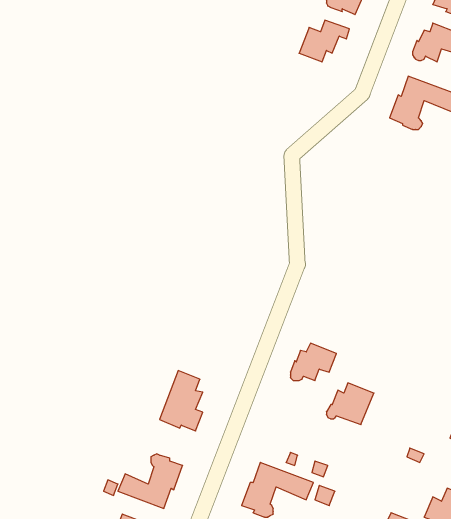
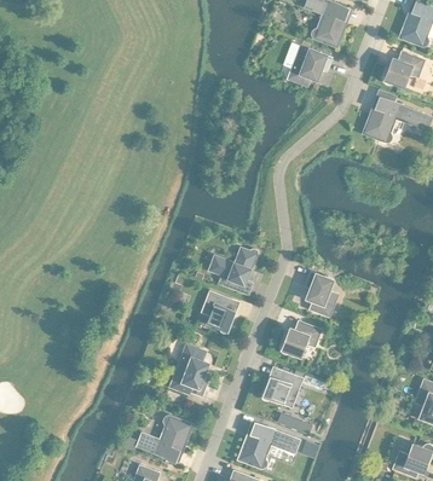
building: none -> [209,248,258,290]
building: none -> [307,272,336,315]
building: none -> [202,291,237,332]
building: [326,383,374,425] -> [261,370,301,405]

